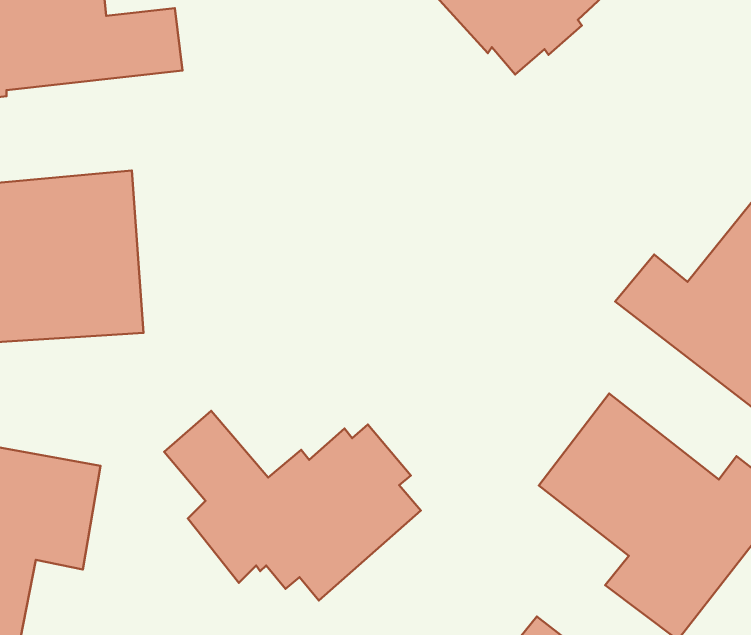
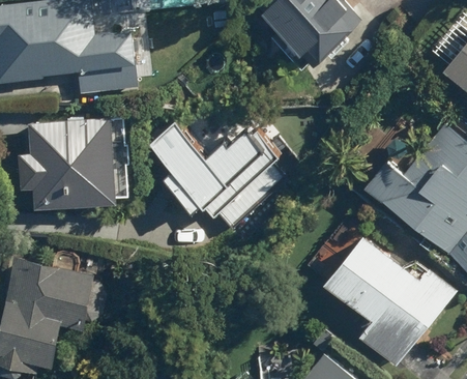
building: [164,411,421,601] -> [149,123,285,224]

